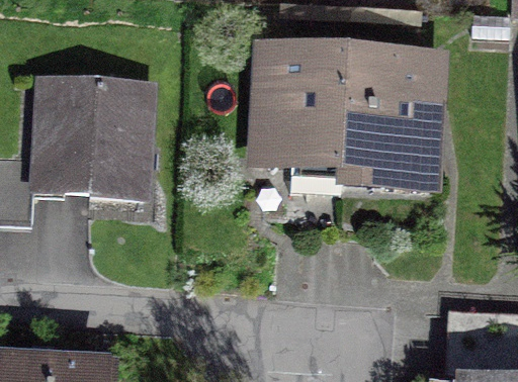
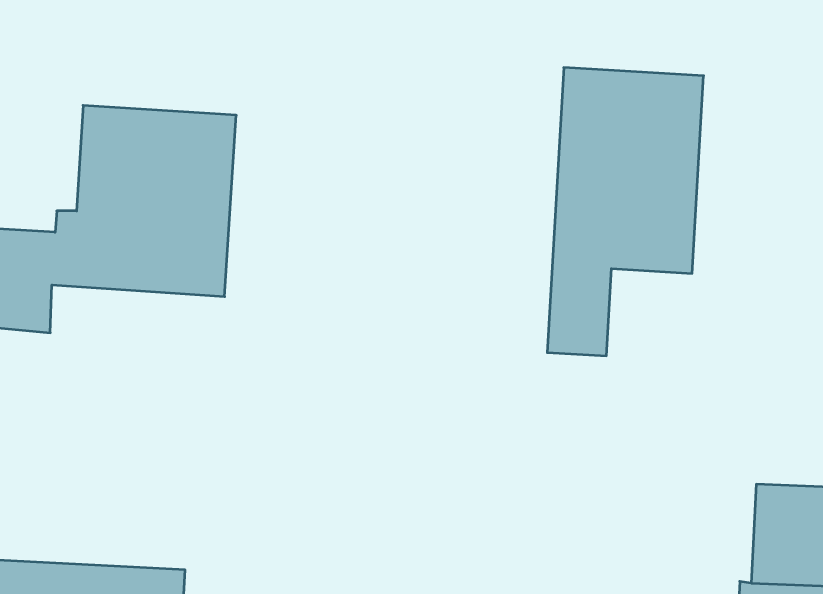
building: [263,46,350,225] -> none

